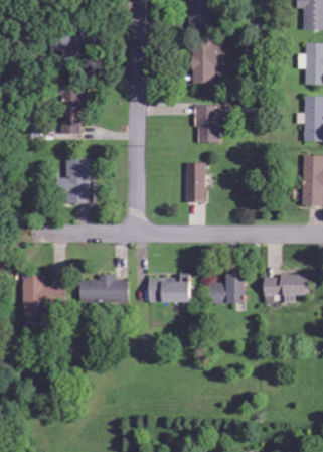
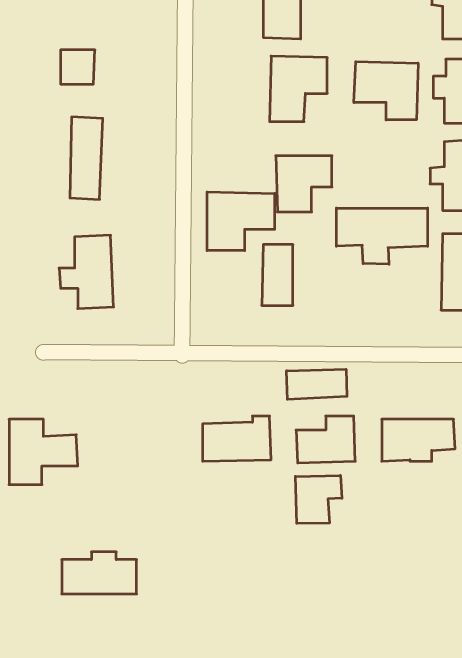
building: none -> [354,62,418,120]
building: none -> [207,192,275,251]
building: none -> [336,208,428,264]
building: none -> [287,369,347,399]
building: [82,274,130,301] -> [62,552,137,594]
building: none -> [295,475,342,523]

